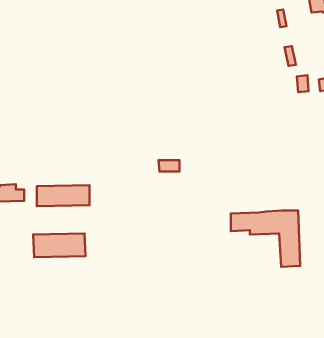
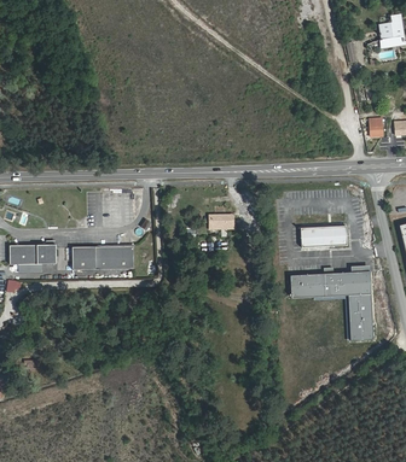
building: none -> [301,224,347,247]
building: [33,234,85,257] -> none

